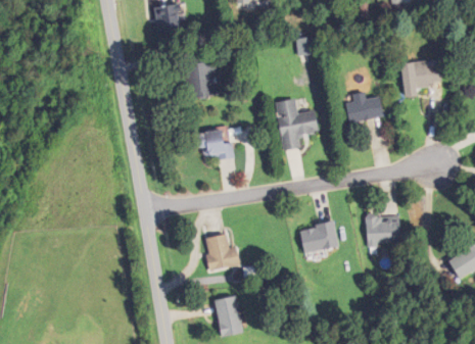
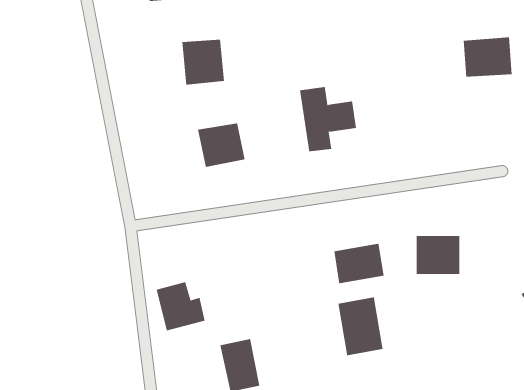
building: [346,95,386,121] -> none
building: [202,233,241,272] -> [156,282,205,331]
building: none -> [338,296,383,356]

